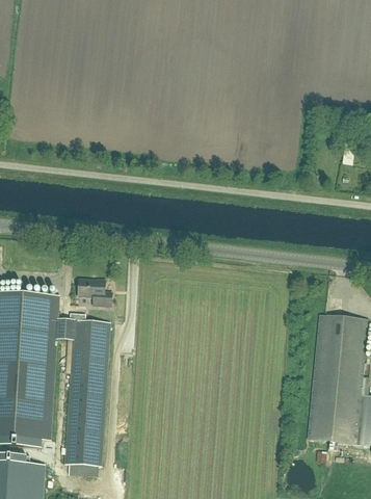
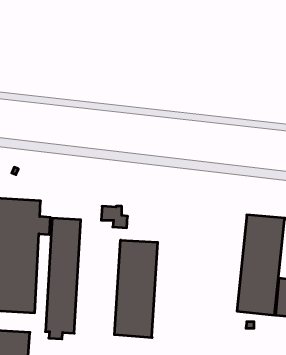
building: [79,280,112,307] -> [101,206,128,228]
building: none -> [114,240,158,338]

